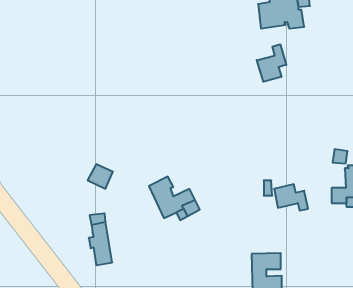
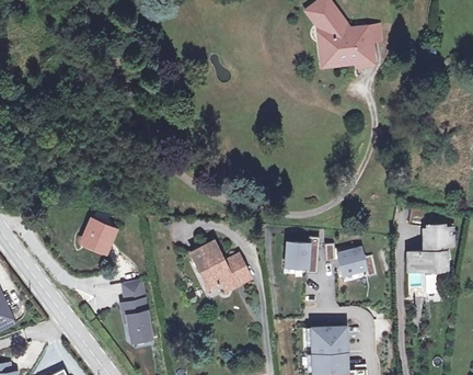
building: [257,44,286,82] -> none
building: [88,164,113,189] -> [83,221,113,250]
building: none -> [285,236,320,273]

